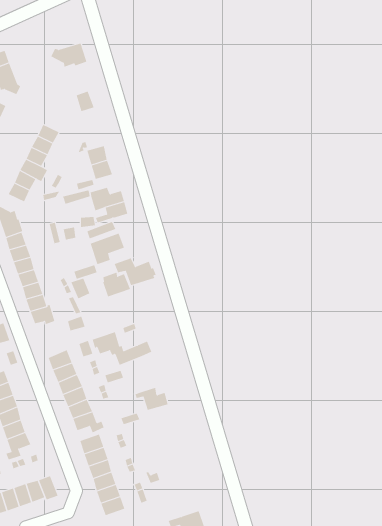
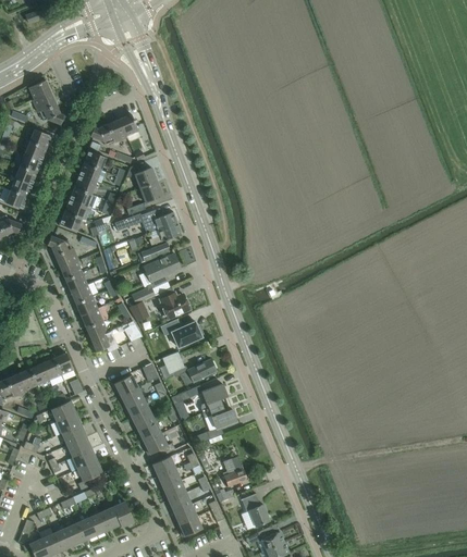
building: [51,43,87,67] -> [90,120,127,146]
building: [114,258,157,286] -> [160,319,204,347]
building: none -> [201,384,228,413]
building: none -> [223,456,248,487]
building: none -> [241,493,270,527]

